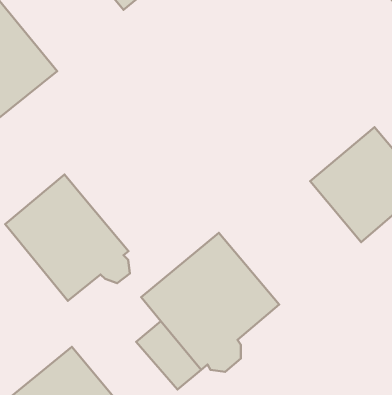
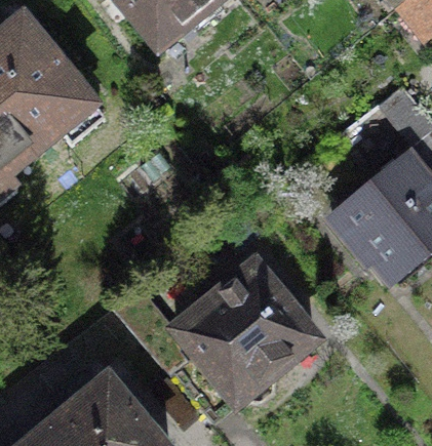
building: [5,175,130,301] -> none

